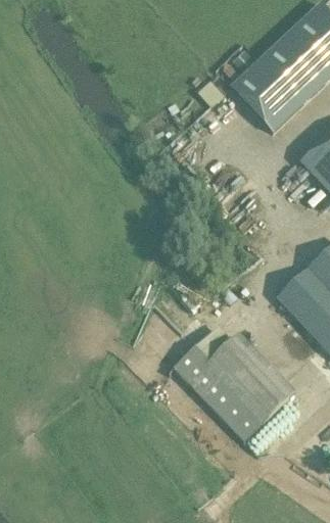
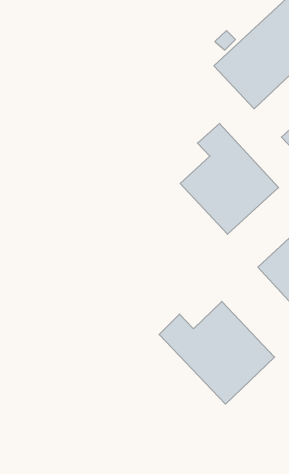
building: none -> [180,123,279,234]

